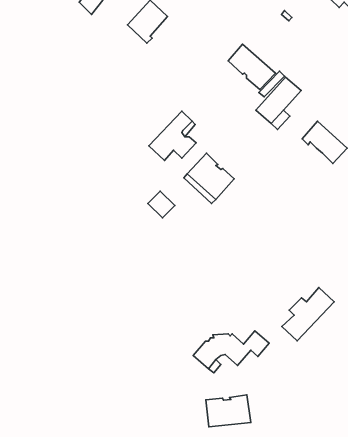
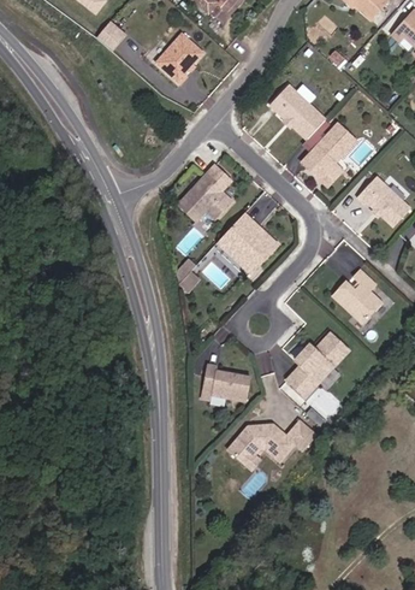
building: none -> [332,269,381,323]
building: none -> [203,361,250,397]
building: [282,287,334,341] -> [286,332,348,395]
building: [206,395,251,427] -> none

